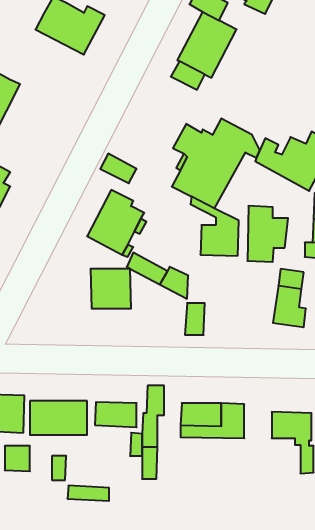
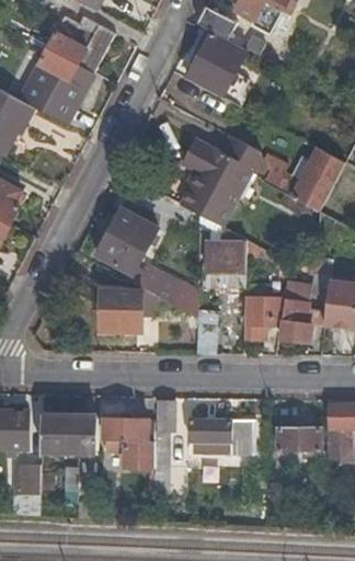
building: none -> [20,47,93,121]
building: [247,206,288,262] -> [244,286,285,342]

